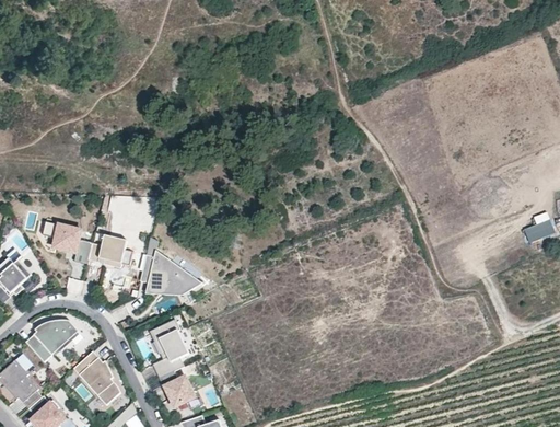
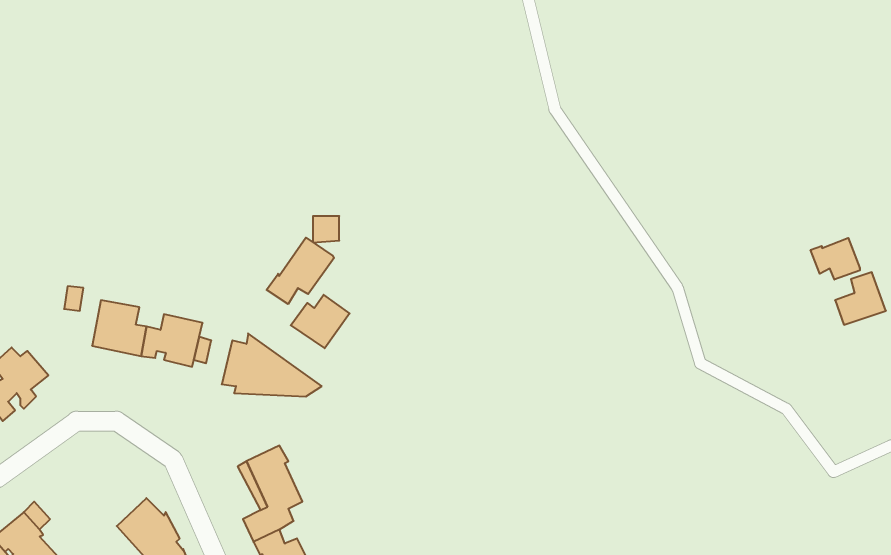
building: none -> [267,238,334,304]
building: none -> [811,238,860,280]
building: none -> [291,295,350,348]
building: [25,320,78,362] -> none

